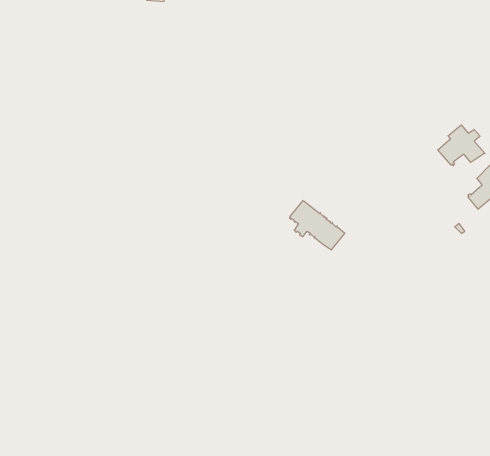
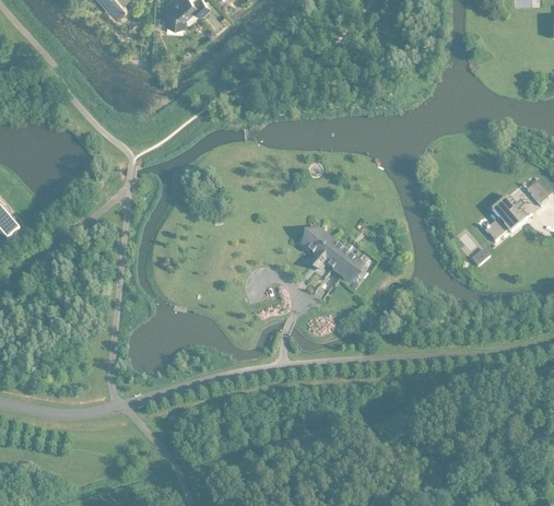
building: [438,125,485,166] -> none

